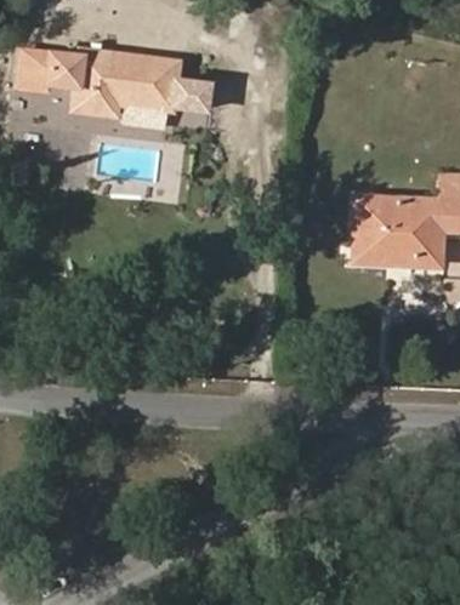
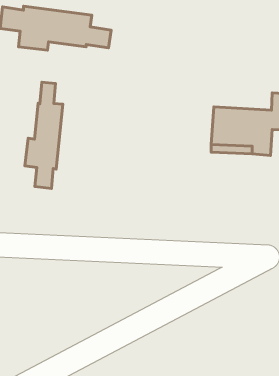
building: none -> [25,82,63,188]

